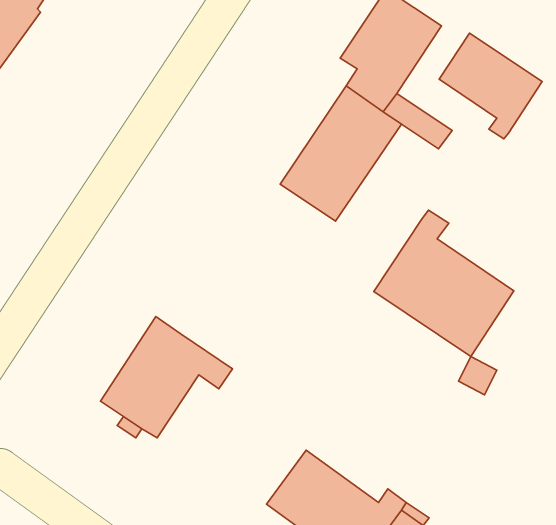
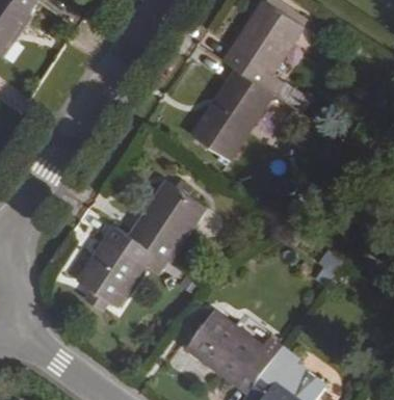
building: [439,33,542,139] -> none
building: [374,210,514,356] -> none
building: none -> [128,179,201,258]

